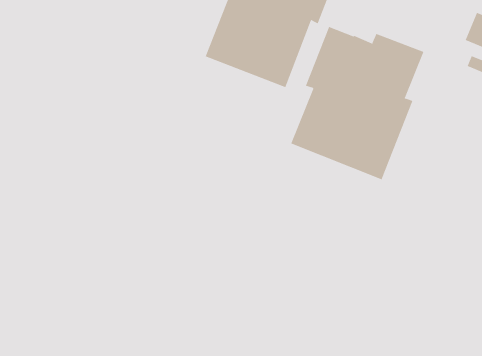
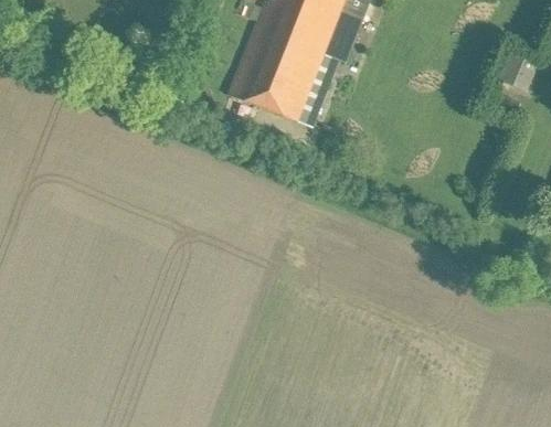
building: [291,26,424,180] -> none

